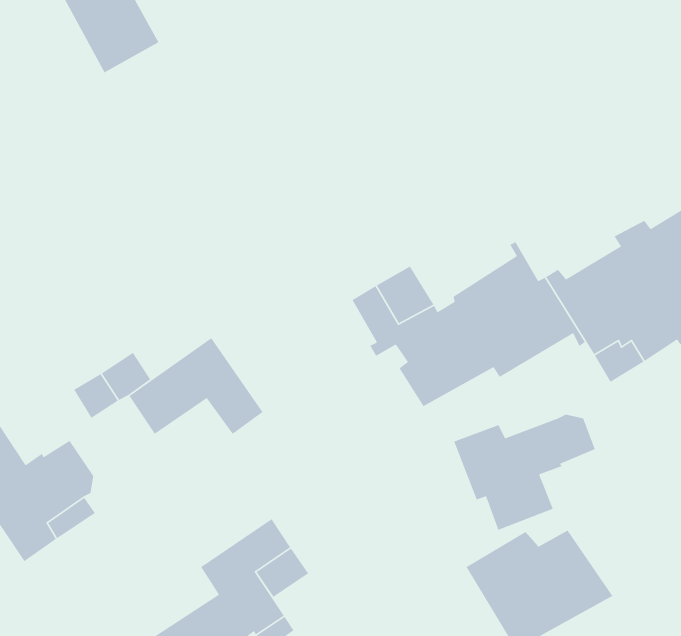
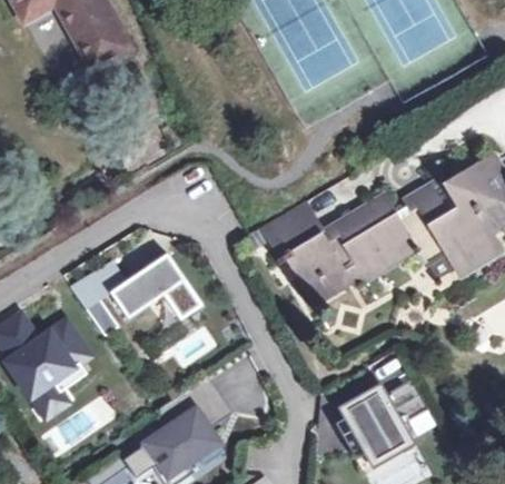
building: [453,414,596,531] -> none

